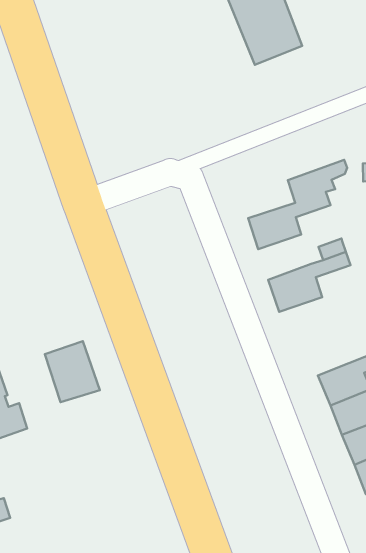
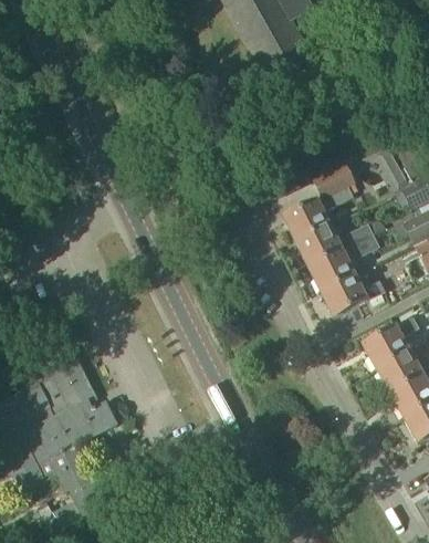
building: none -> [296,222,344,265]
building: none -> [322,274,387,316]
building: [45,341,100,402] -> none

